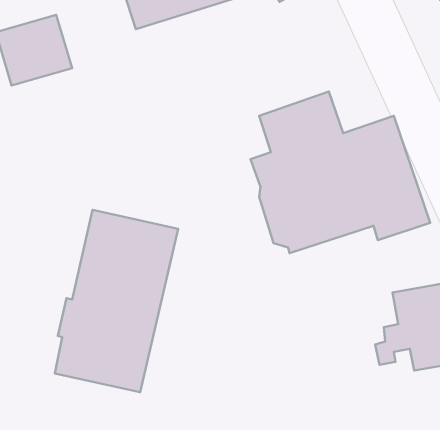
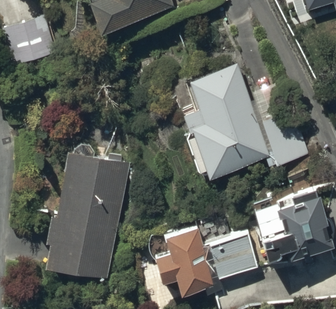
building: none -> [160,233,259,297]

